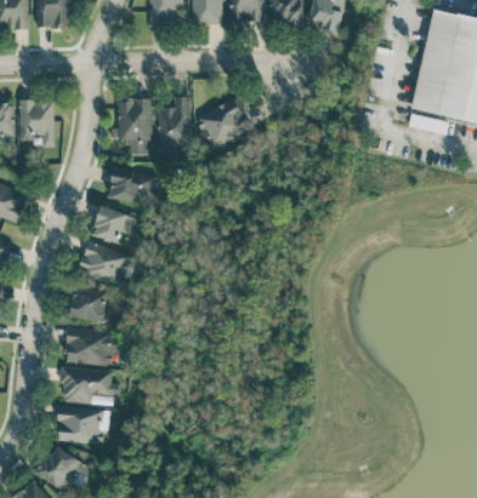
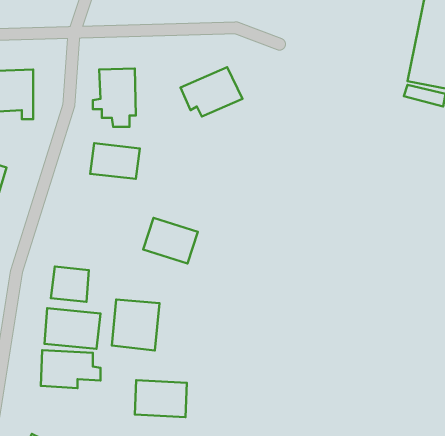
building: [157,97,192,154] -> none
building: [91,206,136,244] -> none
building: [78,242,130,286] -> [143,218,198,264]
building: none -> [112,299,159,350]
building: [56,408,106,443] -> [135,380,187,417]

